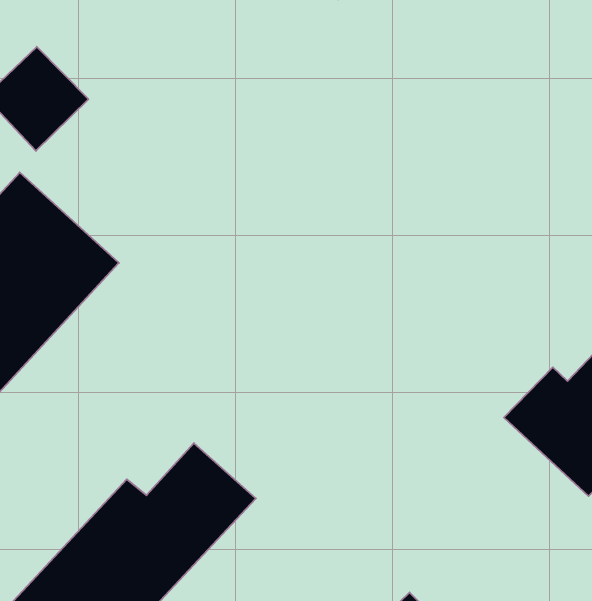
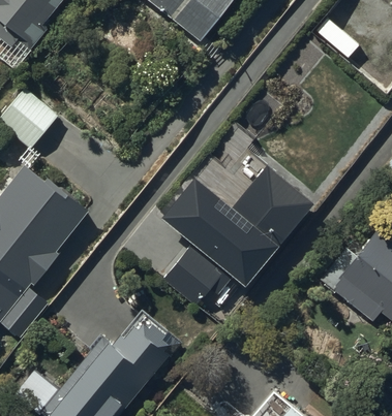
building: none -> [159,173,307,286]
building: none -> [162,249,223,310]

